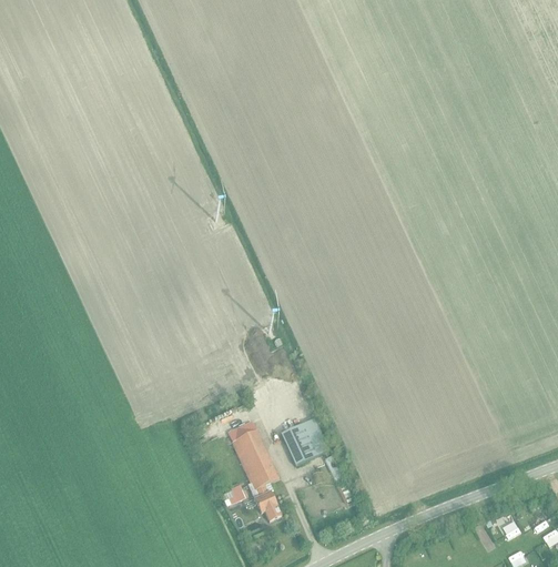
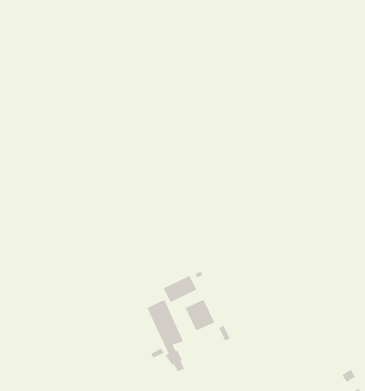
building: none -> [163,275,197,303]

